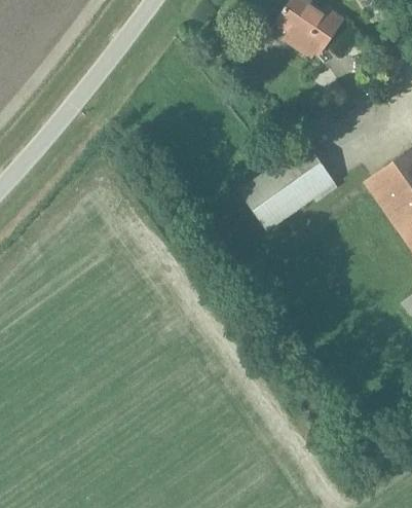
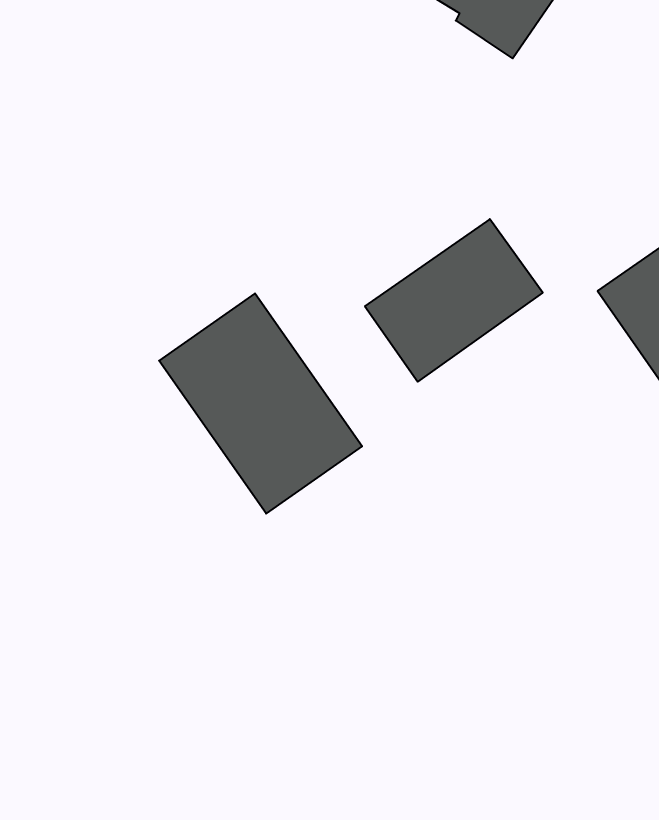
building: none -> [159,293,362,514]

